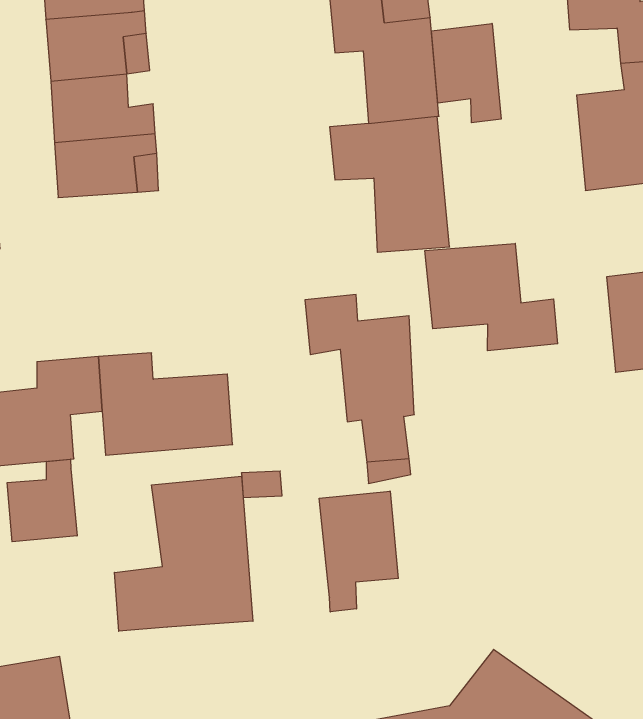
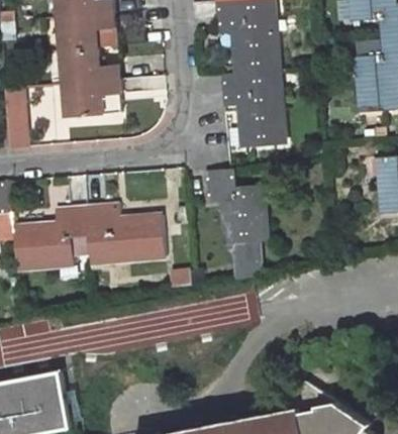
building: [431,23,501,123] -> none
building: [425,243,558,351] -> none
building: [7,459,77,542] -> none
building: [114,476,253,631] -> none
building: [319,491,398,612] -> none

